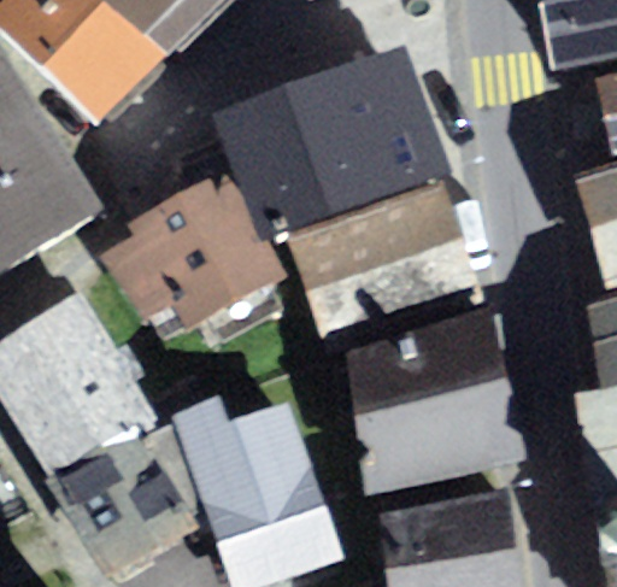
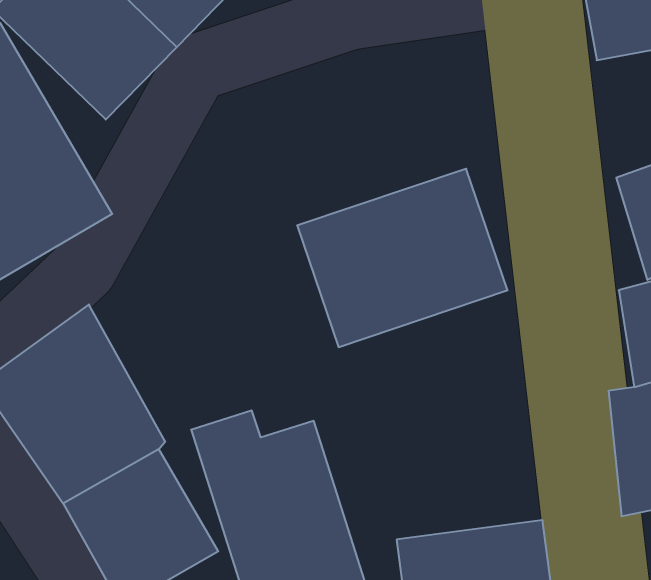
building: [224,42,446,223] -> none
building: [100,162,275,313] -> none
building: [339,303,523,482] -> none

